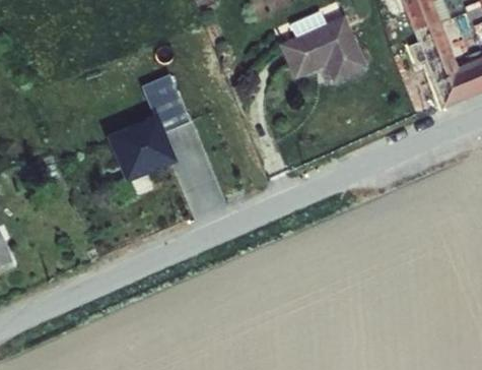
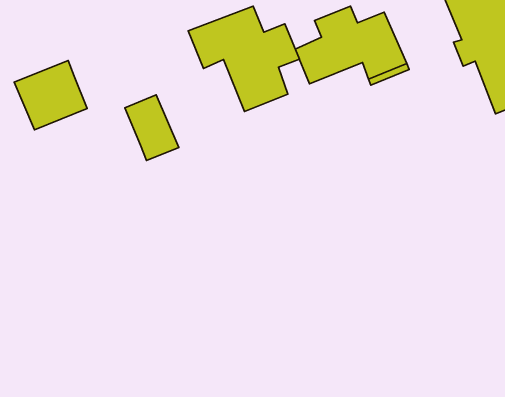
building: none -> [188,6,299,111]
building: [102,126,164,185] -> [14,60,87,130]

